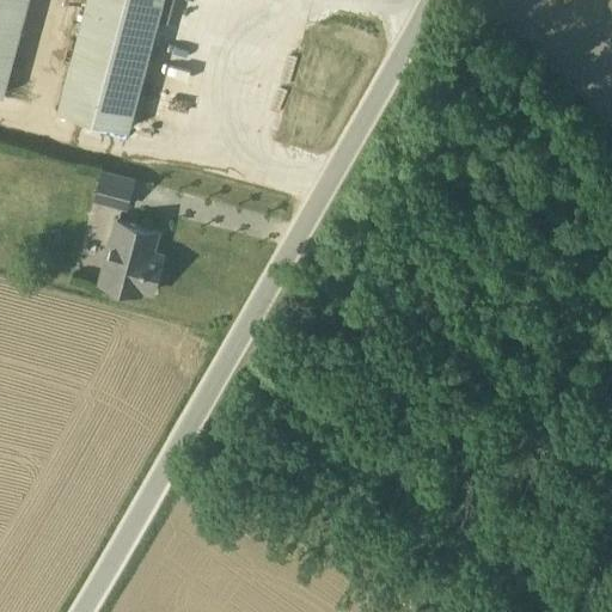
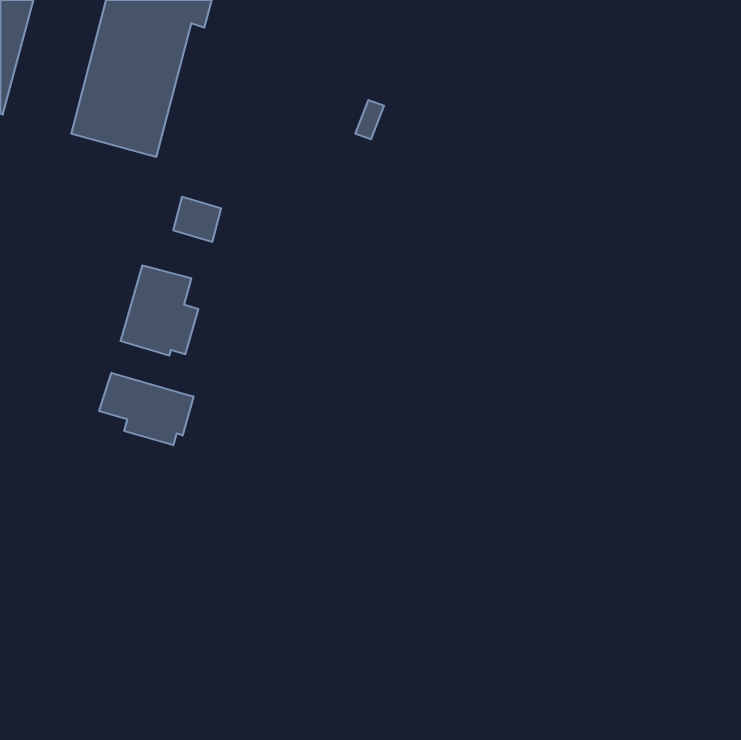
building: [94,171,134,208] -> [173,197,221,242]
building: none -> [99,373,194,445]

